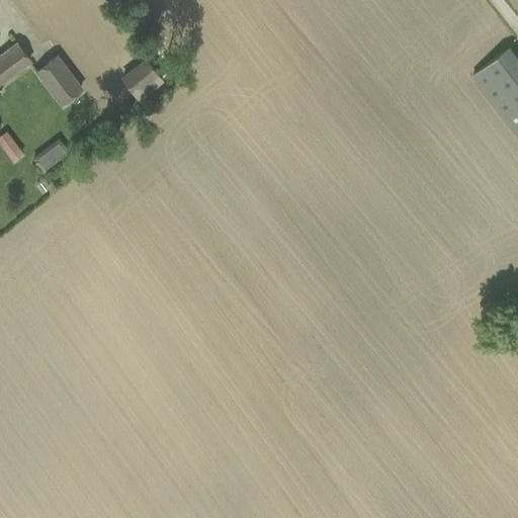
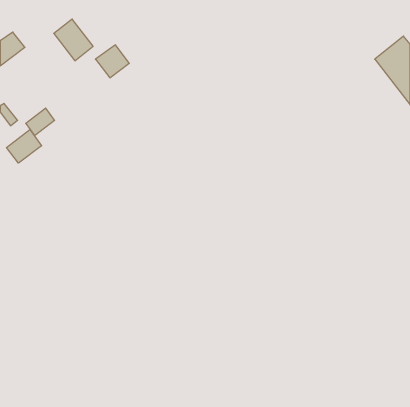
building: [33,55,83,107] -> [54,19,93,61]
building: none -> [7,129,42,163]

